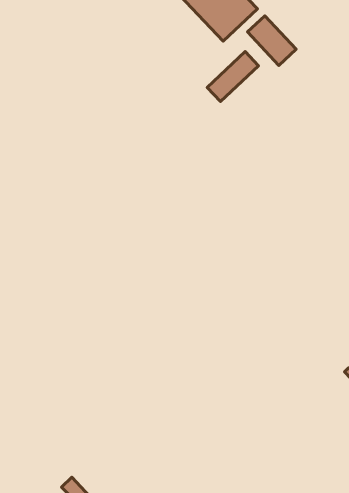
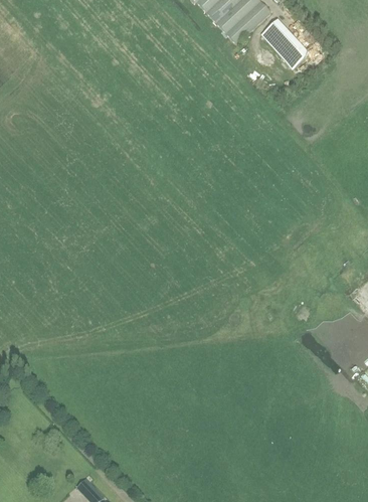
building: [207,52,259,102] -> none

